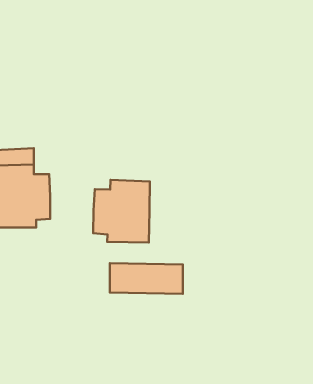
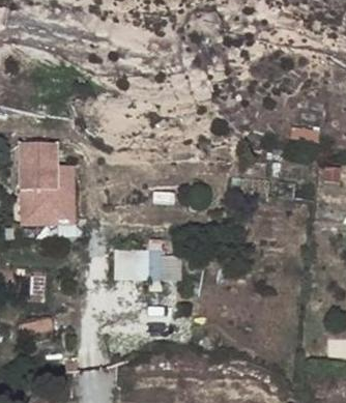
building: [93,180,150,243] -> none

